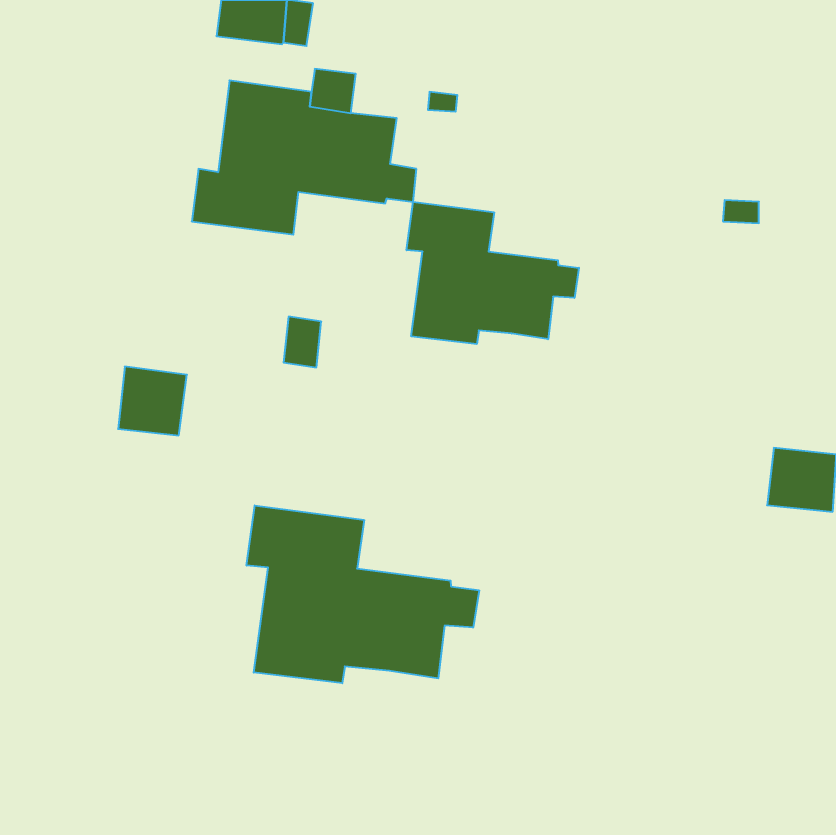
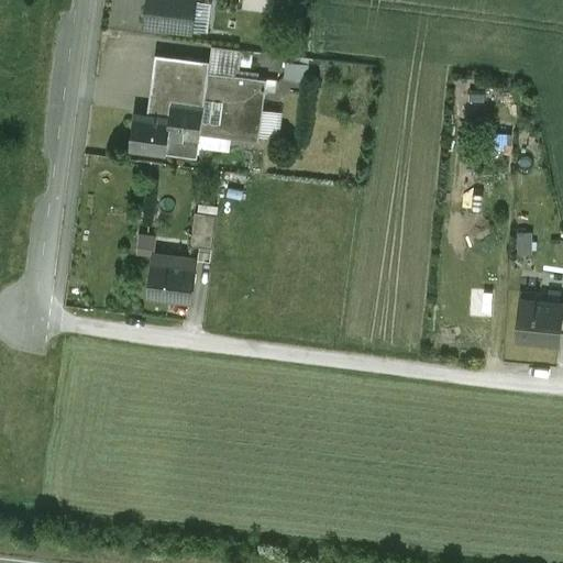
building: [407,202,579,344] -> none
building: [118,367,187,435] -> [148,256,195,302]
building: [247,505,479,683] -> none

